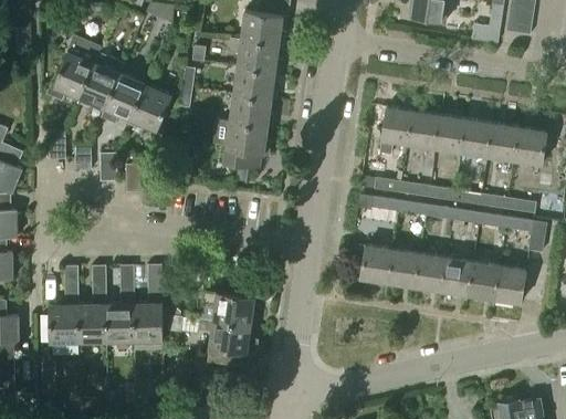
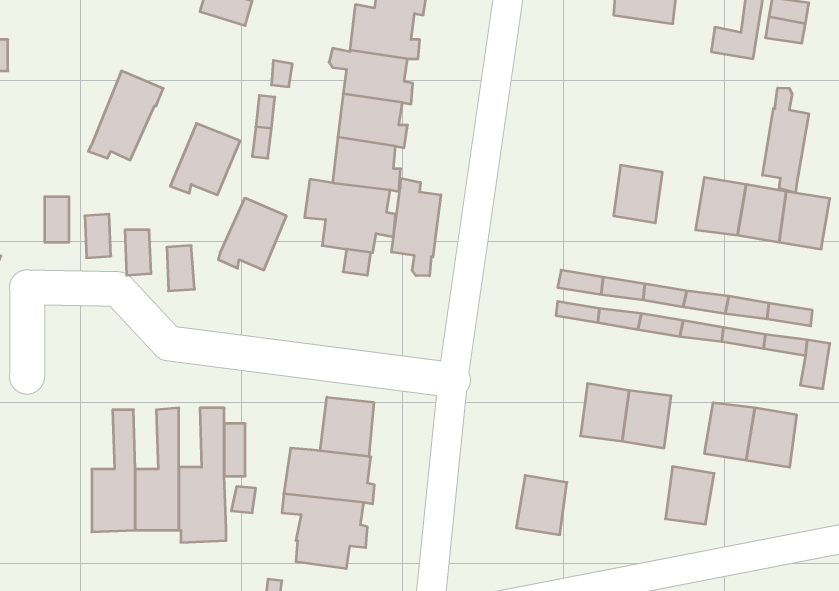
building: [46,48,97,102] -> none
building: none -> [762,88,809,193]
building: [102,74,145,119] -> [218,198,286,270]
building: [380,107,413,154] -> none
building: [436,116,467,153] -> none
building: none -> [392,178,441,276]
building: [360,245,392,283] -> [516,475,567,535]
building: [441,258,472,294] -> [665,467,714,524]
building: none -> [320,397,374,457]
building: [48,266,78,344] -> none

